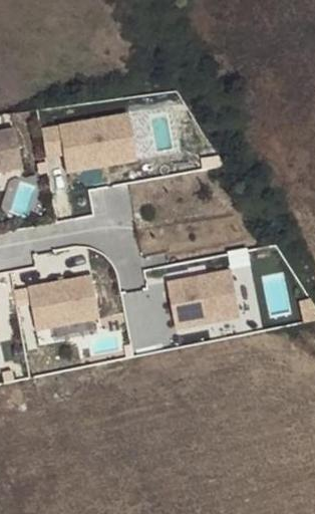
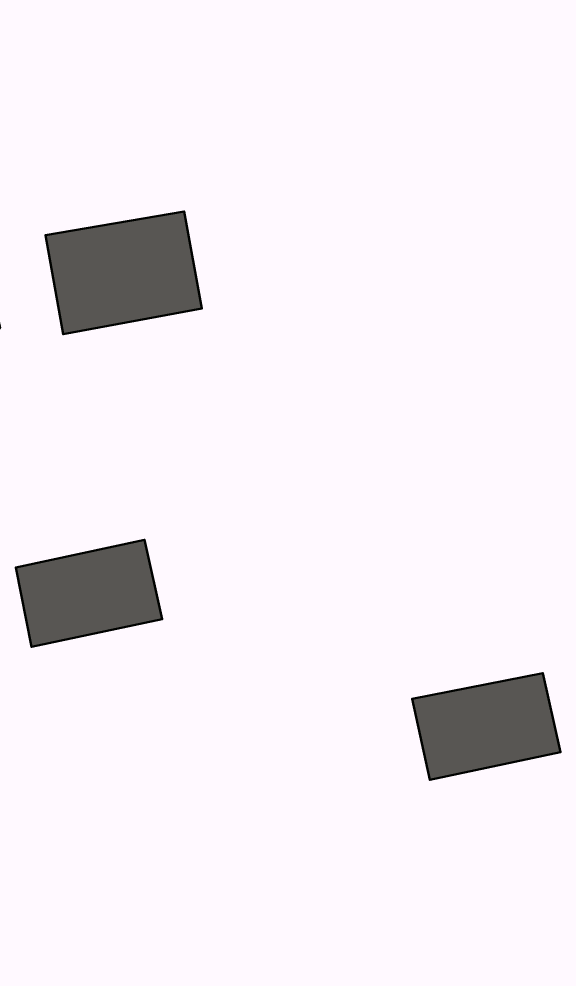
building: [164,273,239,327] -> [412,673,561,780]

